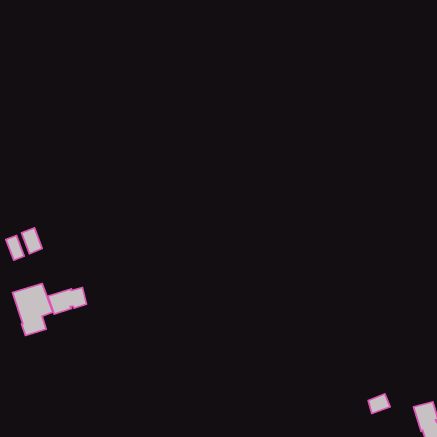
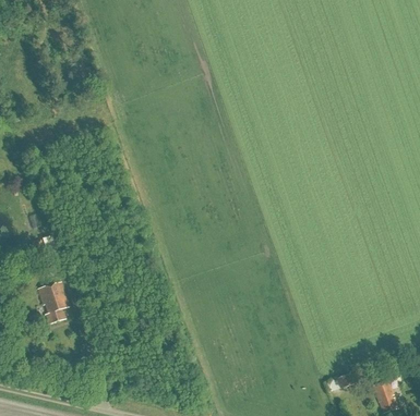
building: [48,287,87,314] -> none

